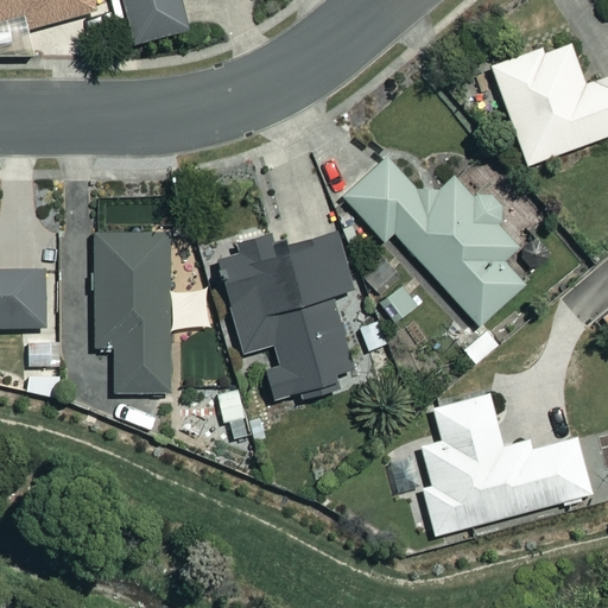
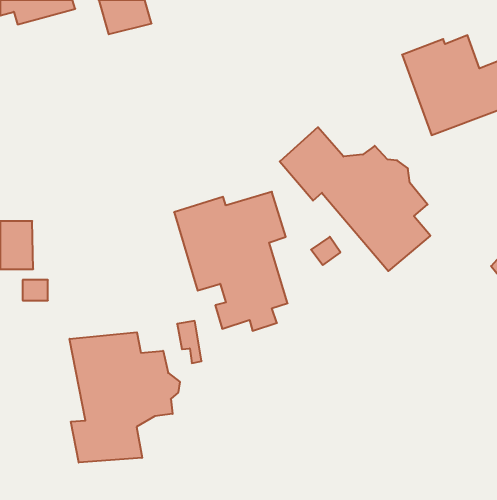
building: [94,234,170,392] -> none
building: [422,393,591,534] -> none
building: none -> [70,332,180,463]

